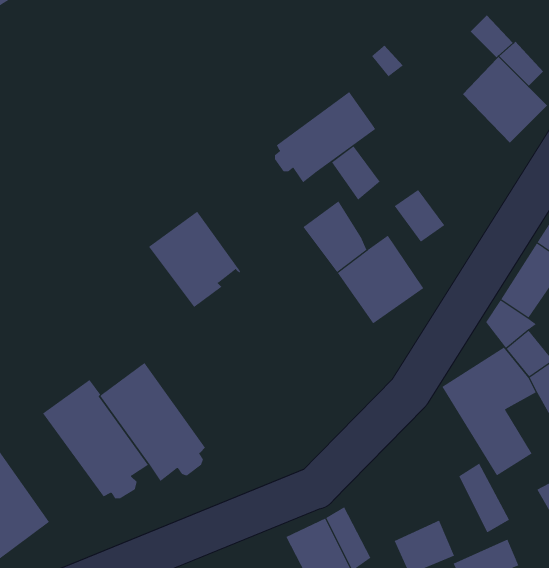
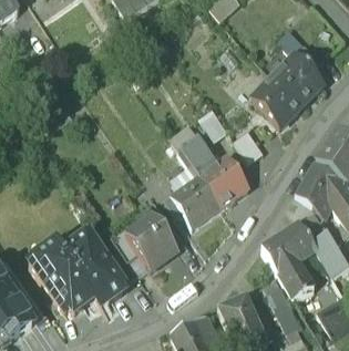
building: [274,91,376,183] -> none
building: none -> [252,73,301,124]
building: [148,211,241,308] -> [126,213,181,269]
building: none -> [173,177,222,227]
building: none -> [218,293,260,334]

